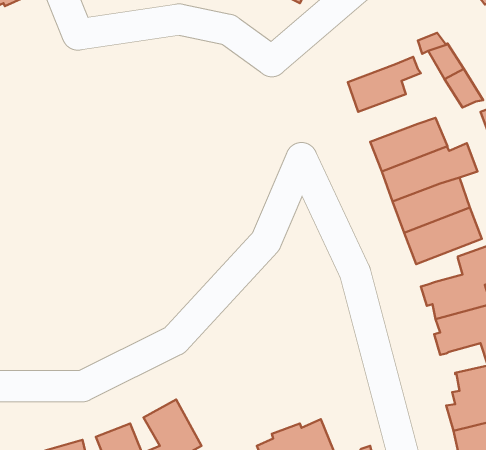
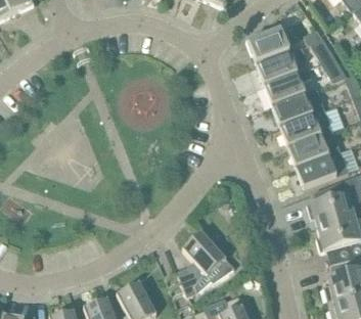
building: none -> [249,18,289,63]
building: none -> [264,66,312,104]
building: none -> [177,230,234,295]

